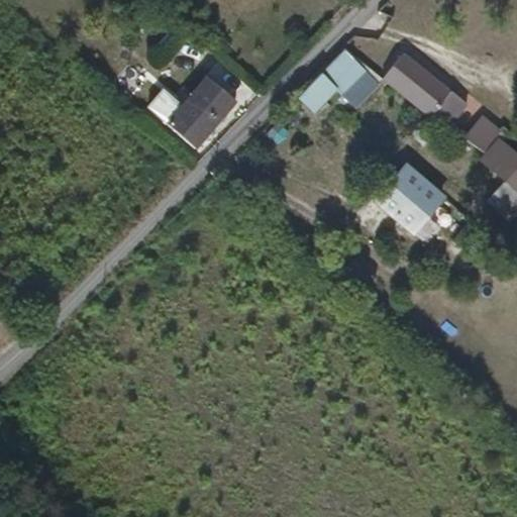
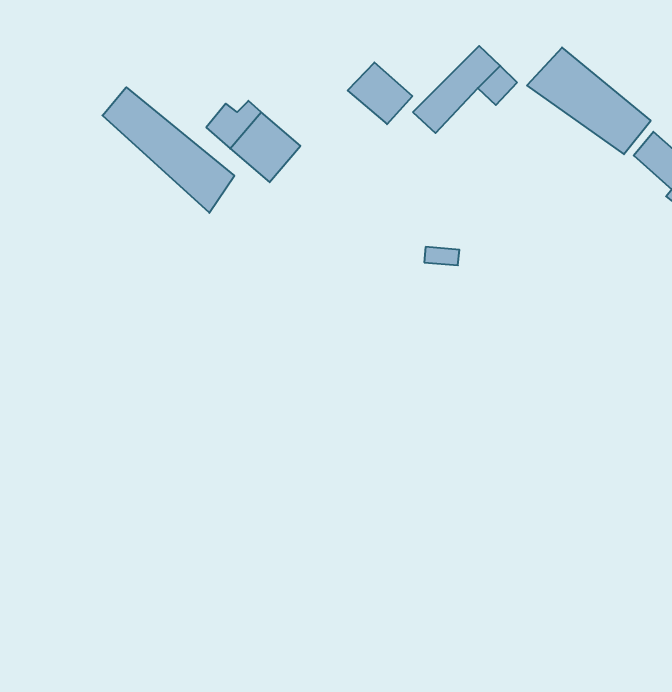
building: [191,79,237,123] -> [348,62,412,124]
building: none -> [102,87,234,213]
building: [378,169,439,232] -> none

